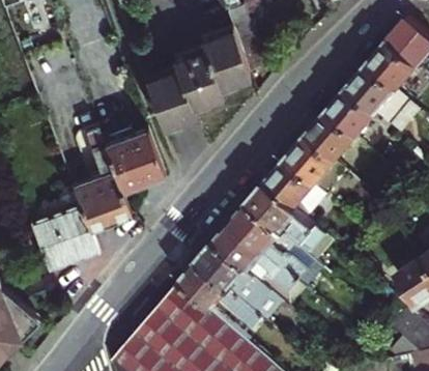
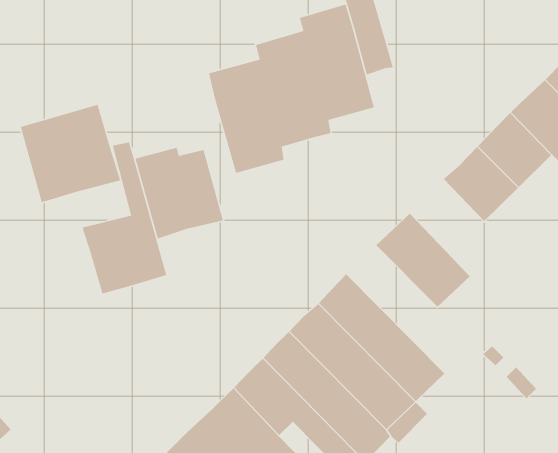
building: [284,136,345,196] -> none
building: [246,182,334,263] -> none
building: [29,203,97,270] -> [20,104,121,203]

